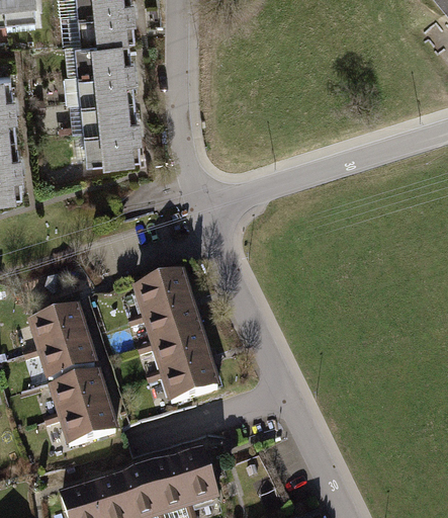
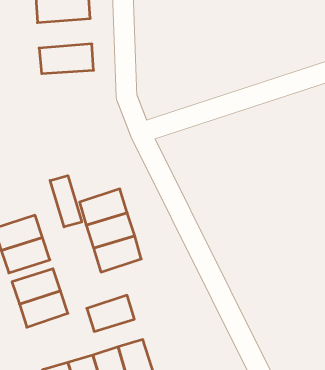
building: [78,62,145,98] -> none
building: [83,125,150,161] -> none
building: none -> [50,176,82,227]
building: [156,357,214,402] -> [87,295,134,331]

